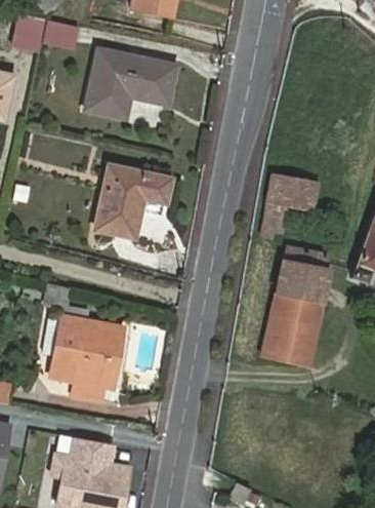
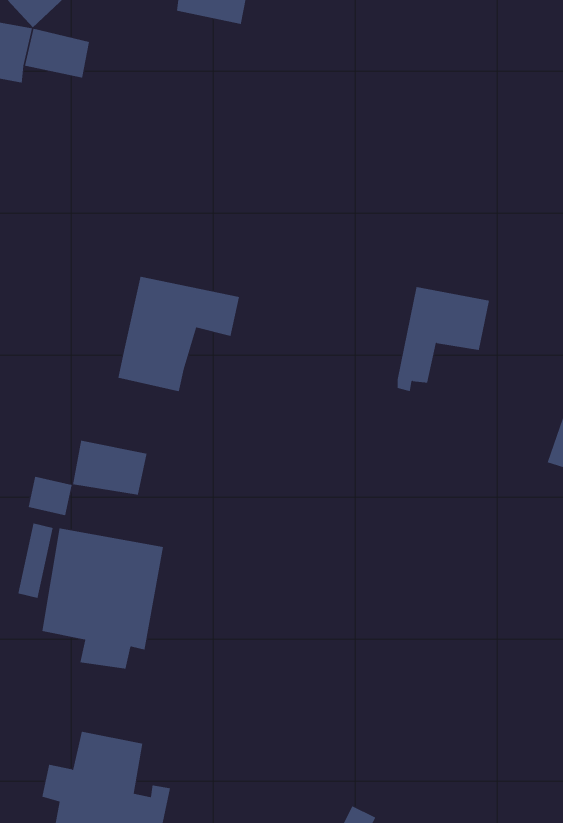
building: [87,49,175,117] -> none
building: [263,245,331,363] -> none
building: none -> [73,440,147,496]

